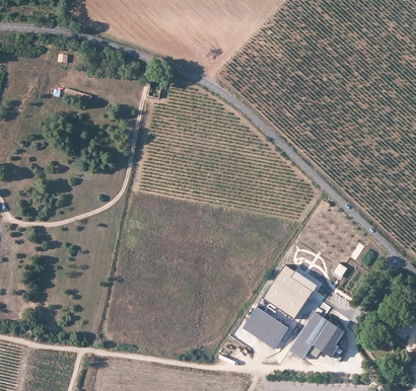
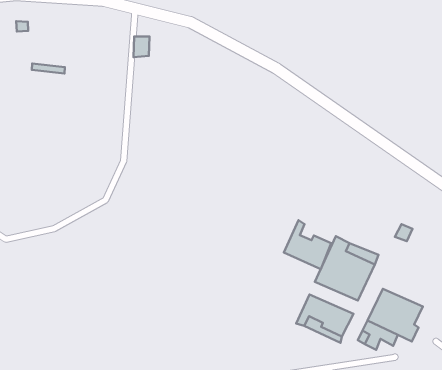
building: none -> [284,220,331,269]

